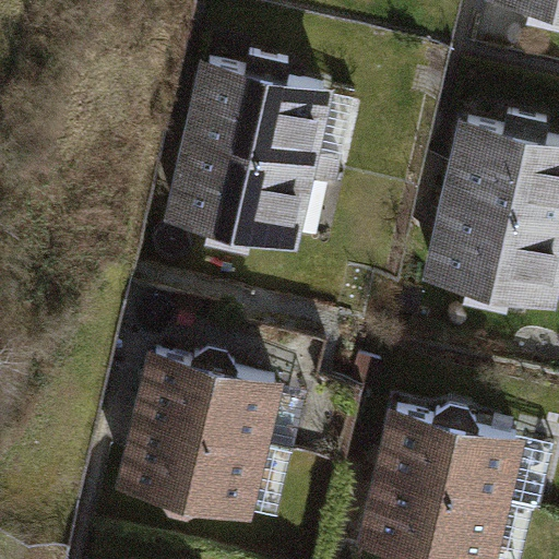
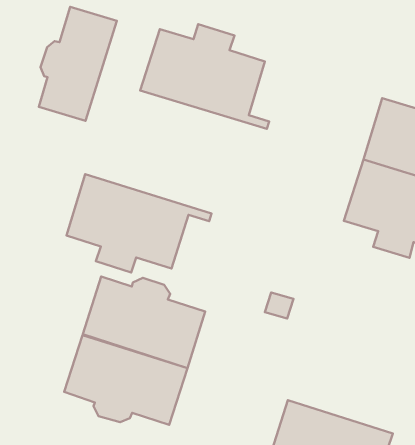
building: none -> [39,7,117,121]
building: [169,139,334,248] -> [66,174,211,272]
building: [381,412,520,512] -> none

